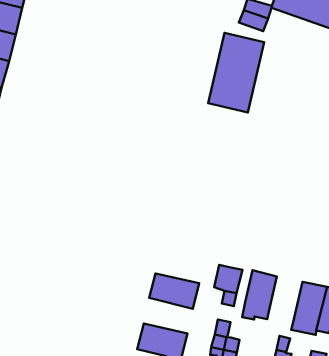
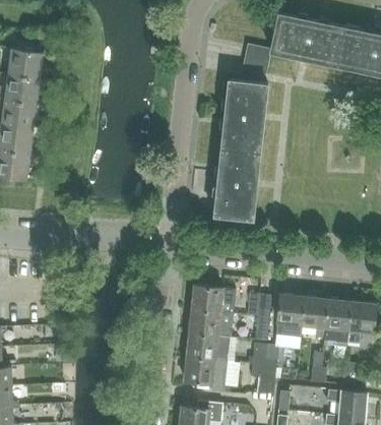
building: none -> [213,145,258,218]
building: none -> [191,286,235,313]
building: none -> [301,298,328,339]
building: none -> [186,332,230,361]

